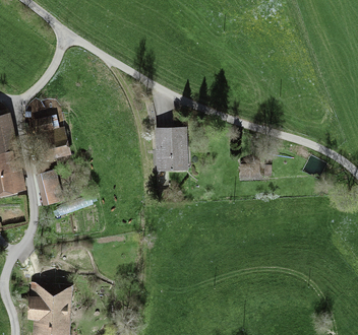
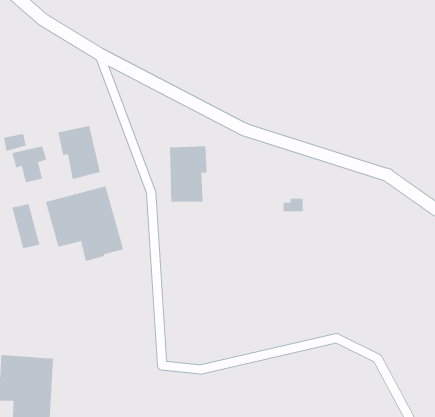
building: none -> [58,125,101,180]
building: none -> [45,186,124,262]

